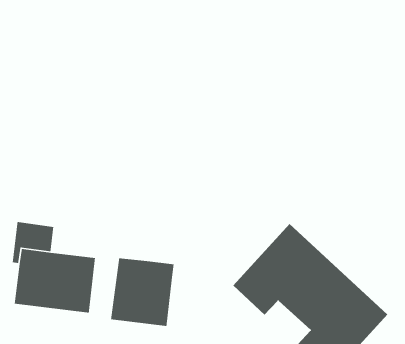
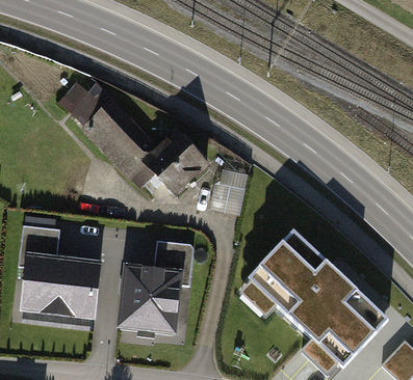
building: none -> [62,84,207,197]
building: none -> [153,241,192,286]

